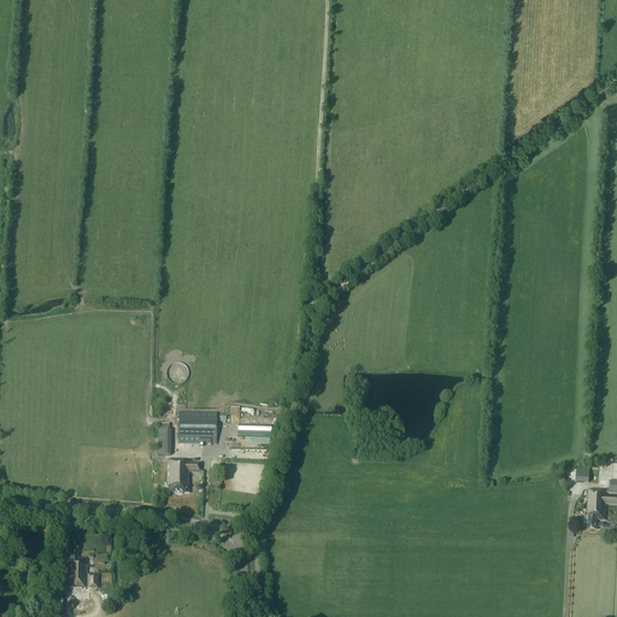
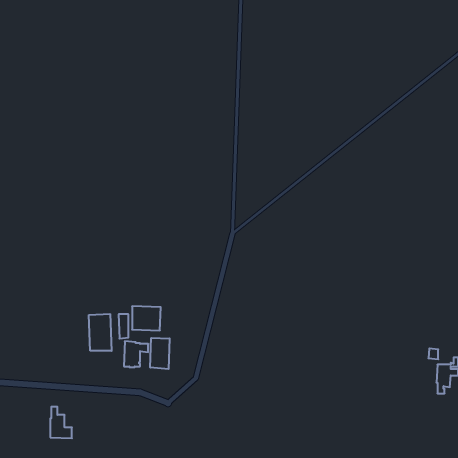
building: none -> [89,314,112,351]
building: none -> [150,338,170,369]

